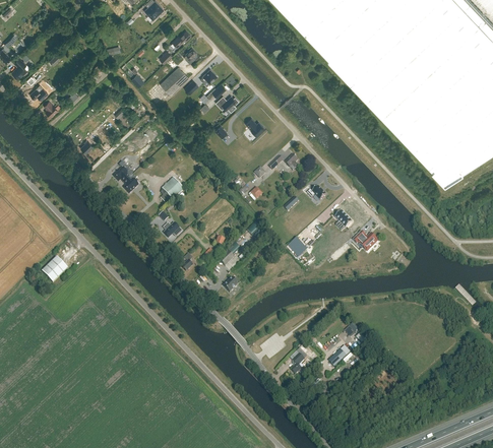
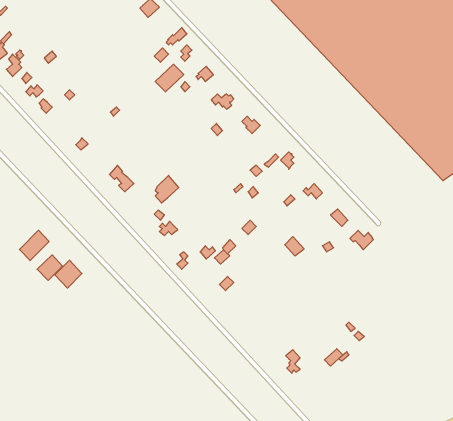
building: none -> [19,230,49,261]
building: none -> [55,260,82,288]

